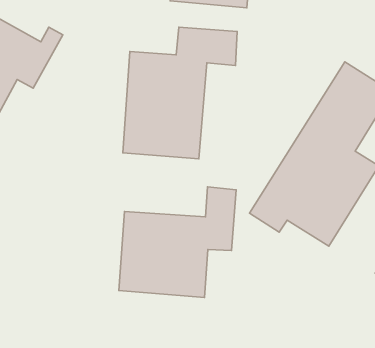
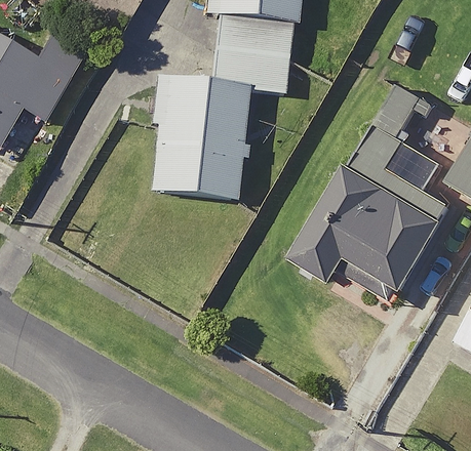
building: [119,187,236,297] -> none

